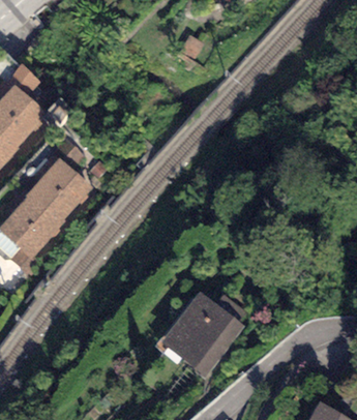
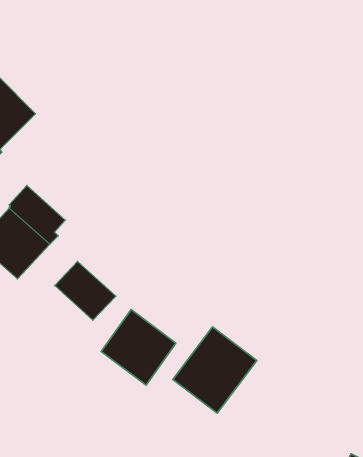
building: [40,155,93,206] -> [55,261,116,320]
building: none -> [101,309,176,385]

